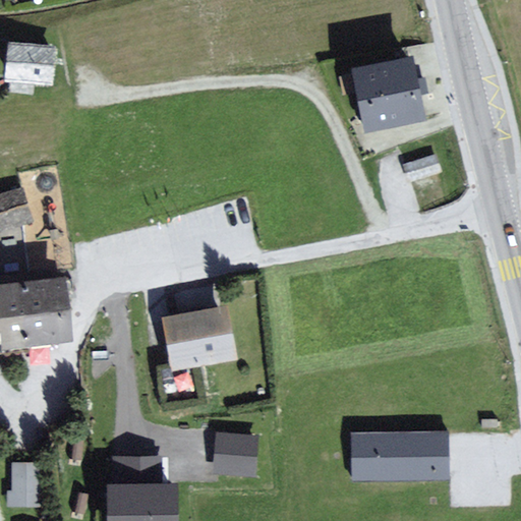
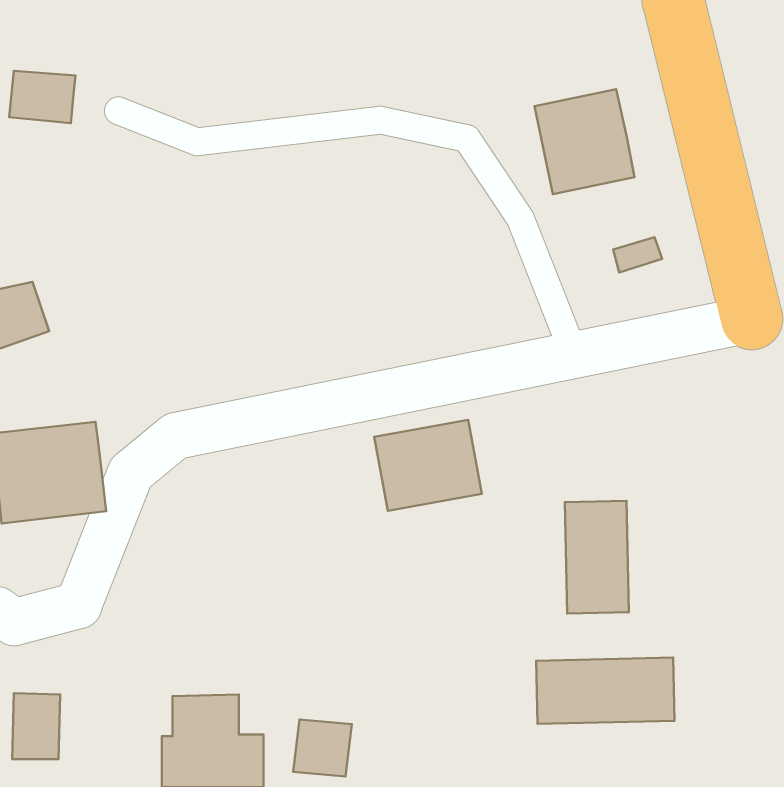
building: [164,308,235,368] -> [374,420,482,511]
building: none -> [565,501,629,613]
building: [214,436,252,473] -> [293,719,352,776]

